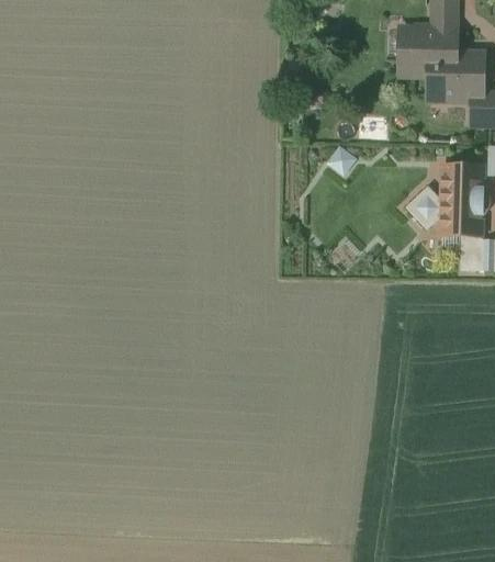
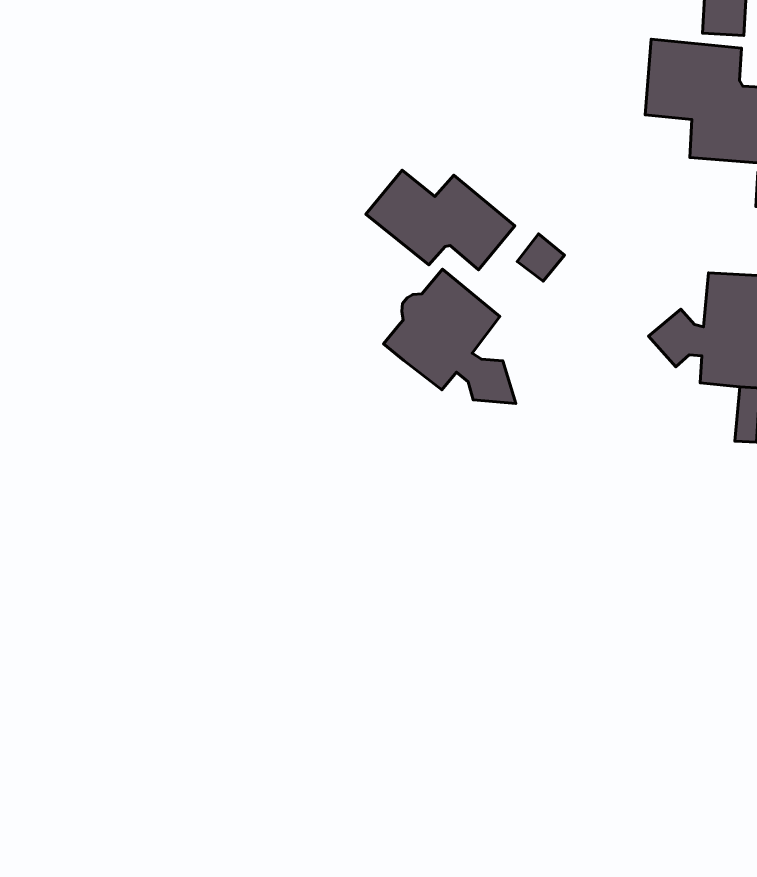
building: none -> [366,170,515,270]
building: none -> [384,269,516,403]

